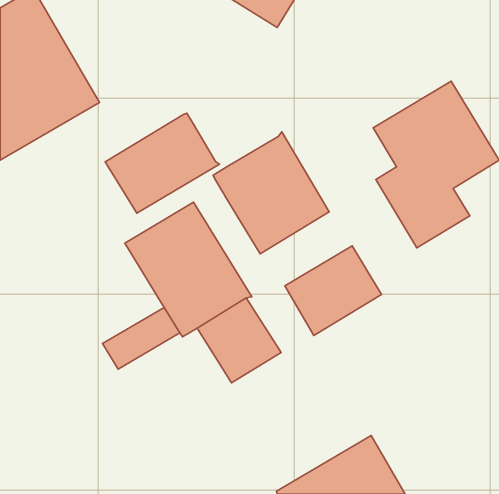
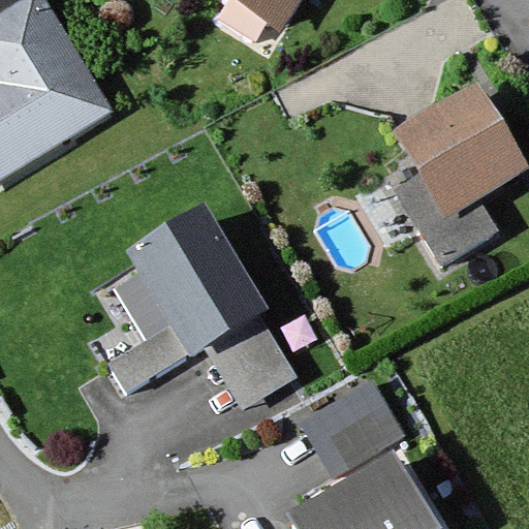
building: [105,113,219,213] -> none
building: [213,132,329,254] -> none
building: [285,246,381,336] -> [302,380,404,475]

